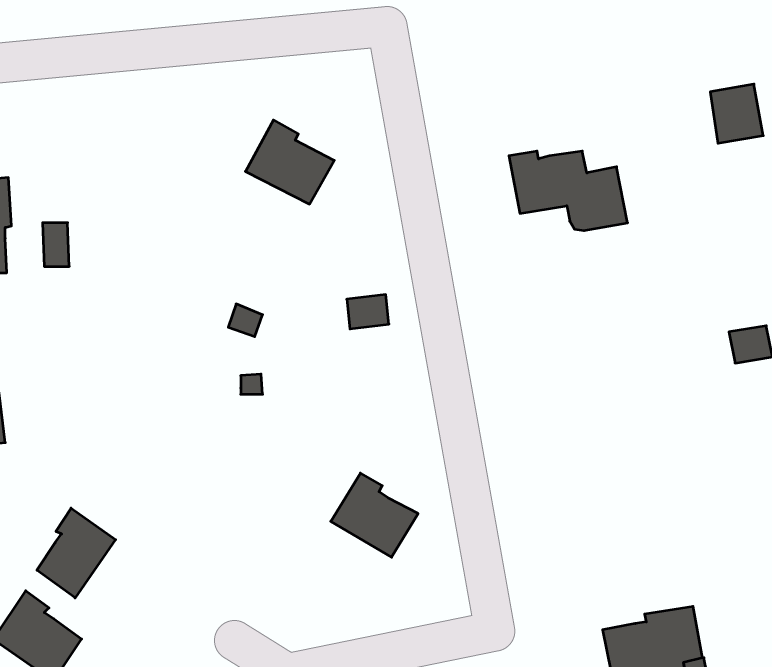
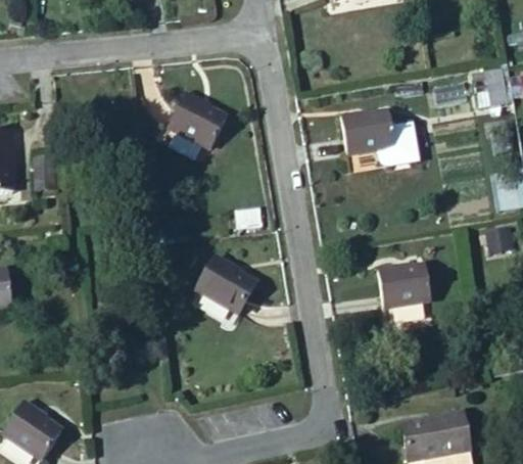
building: none -> [378,266,430,308]
building: [331,473,418,557] -> [198,257,255,312]
building: [37,508,116,598] -> none

